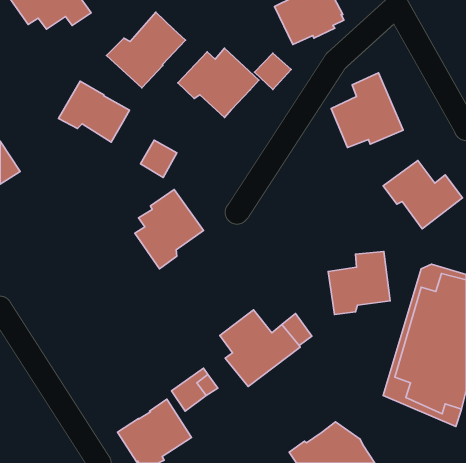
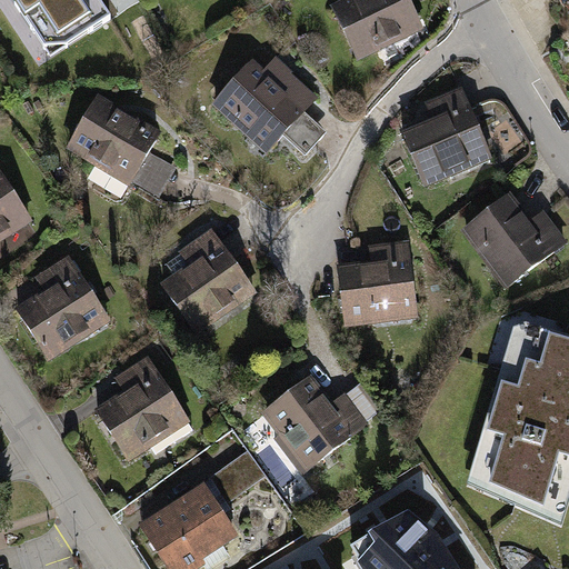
building: [107,12,185,88] -> none
building: [255,53,291,90] -> [282,110,327,154]
building: [140,140,177,177] -> [132,150,177,196]
building: none -> [19,258,102,353]
building: [328,252,390,314] -> [339,243,415,320]
building: none -> [98,359,192,455]

